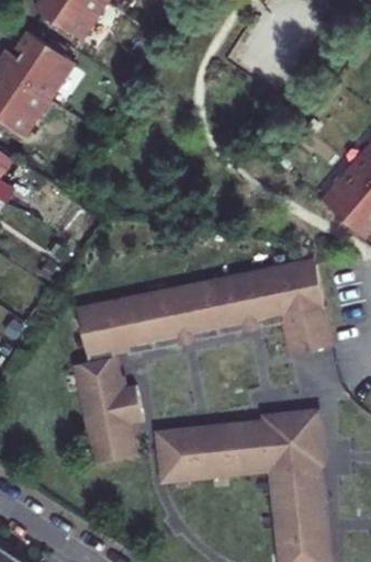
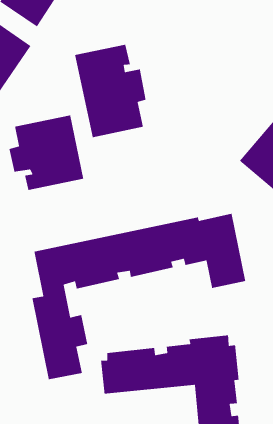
building: none -> [74,44,146,138]
building: none -> [9,115,84,191]

